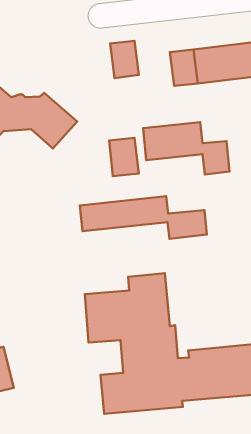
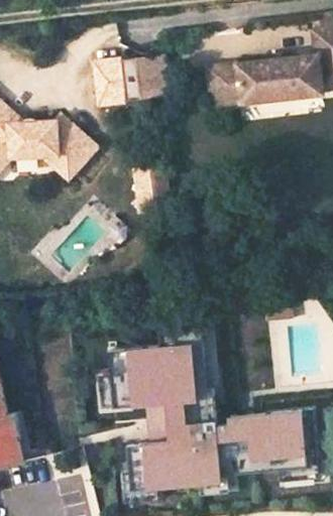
building: none -> [94,62,125,106]
building: [143,122,229,175] -> none
building: [80,196,207,239] -> none

